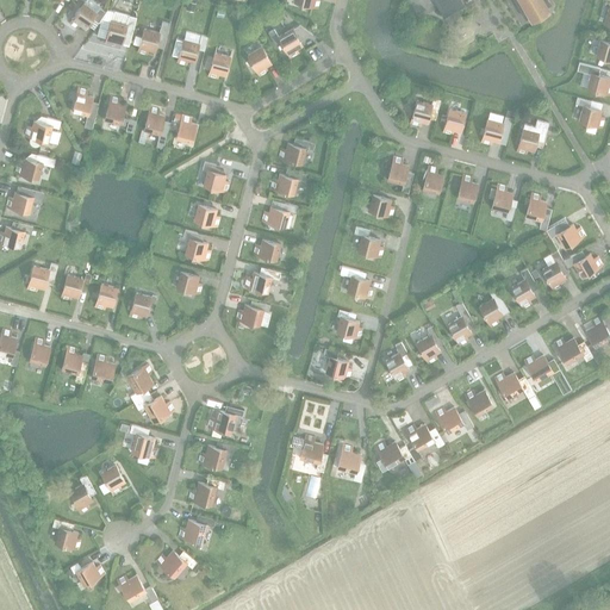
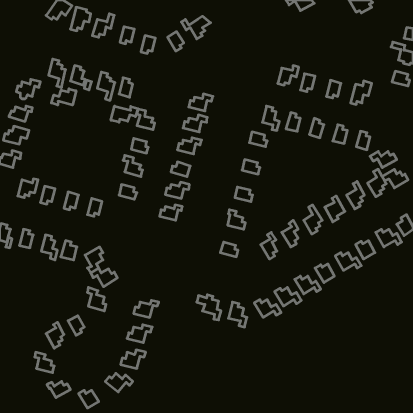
building: none -> [51,89,76,105]
building: none -> [111,106,138,122]
building: [206,407,242,438] -> none

